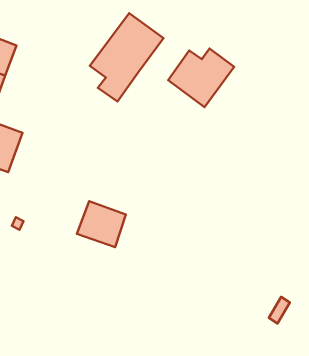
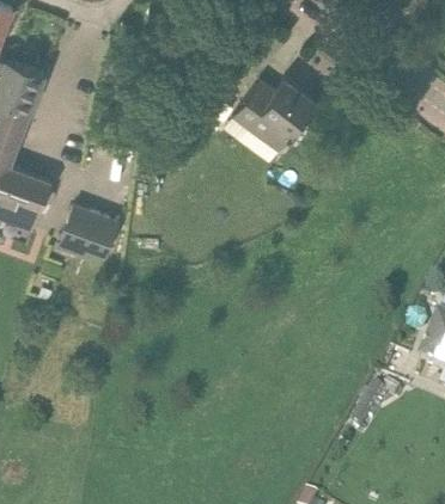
building: [90,13,163,102] -> none
building: [77,201,126,247] -> [59,202,120,259]

